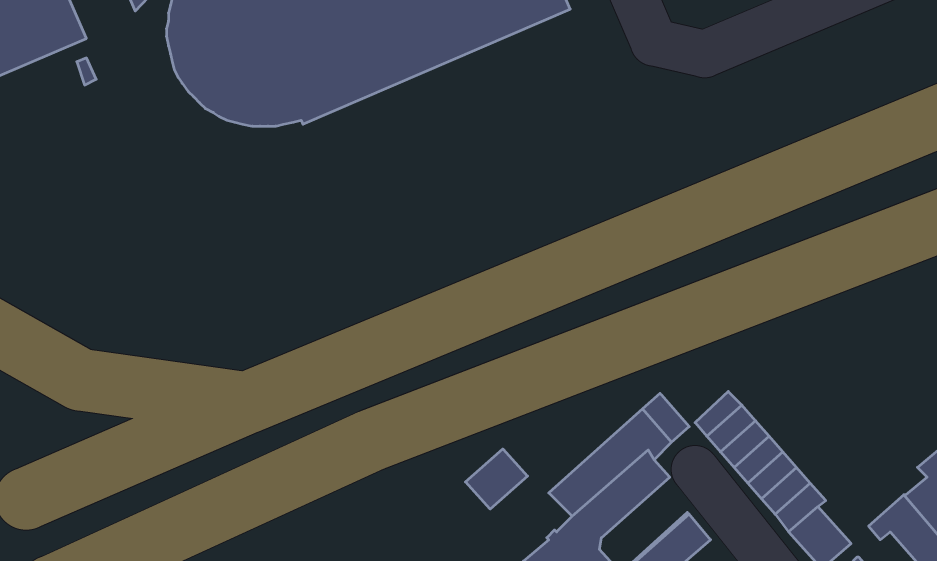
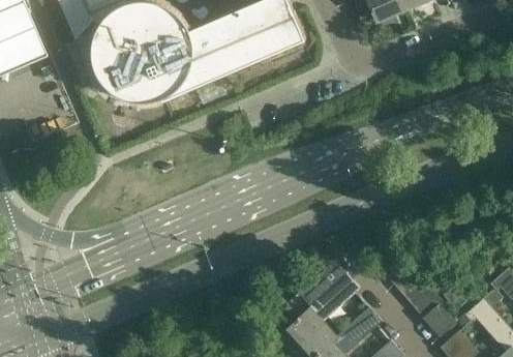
building: [465,449,528,509] -> none

